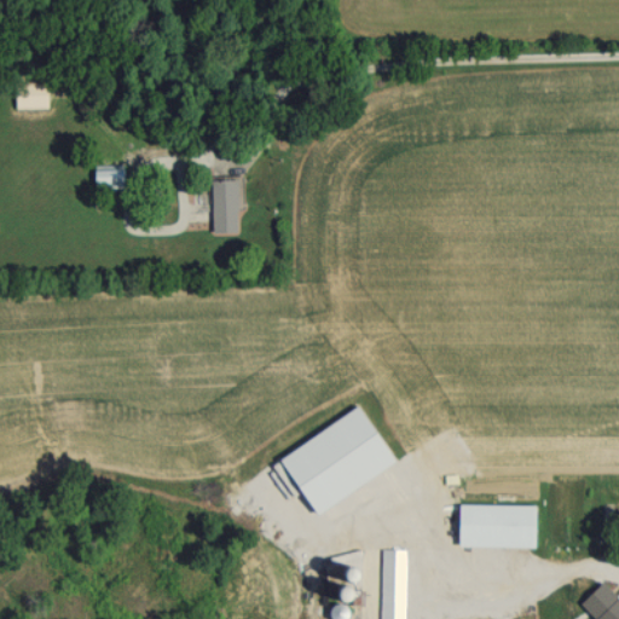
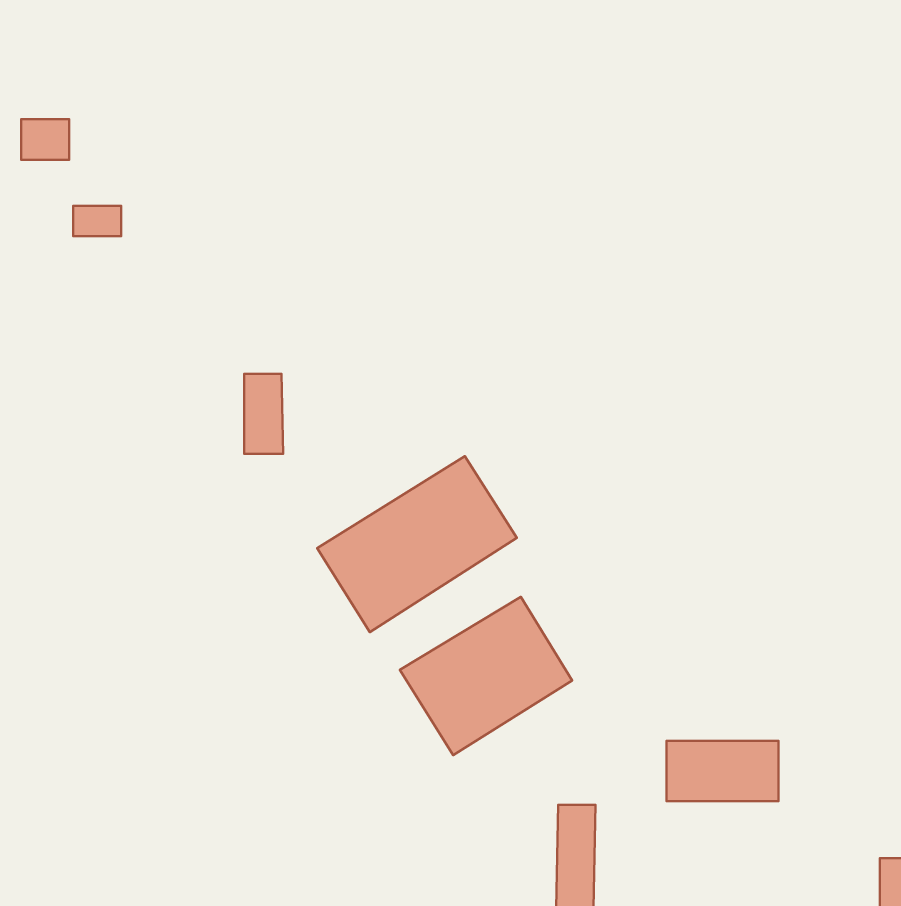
building: [96,167,128,187] -> [73,206,121,236]
building: [214,179,241,233] -> [244,374,283,454]
building: none -> [317,456,517,632]

